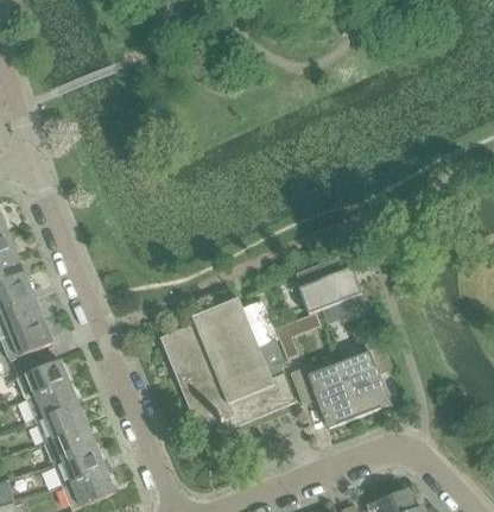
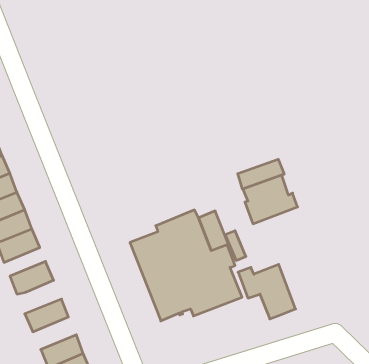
building: none -> [238,159,284,189]
building: [338,339,393,417] -> none
building: [25,383,78,423] -> none
building: [44,426,96,466] -> none

